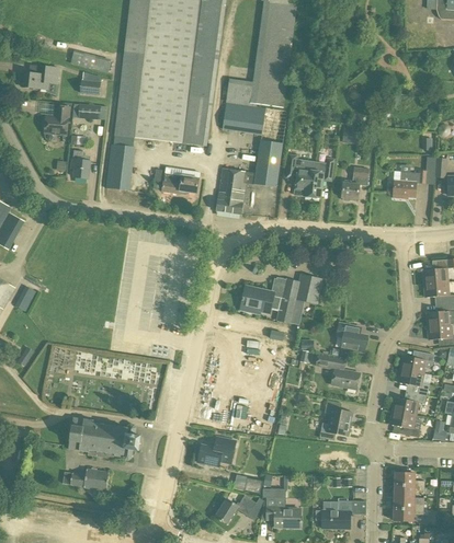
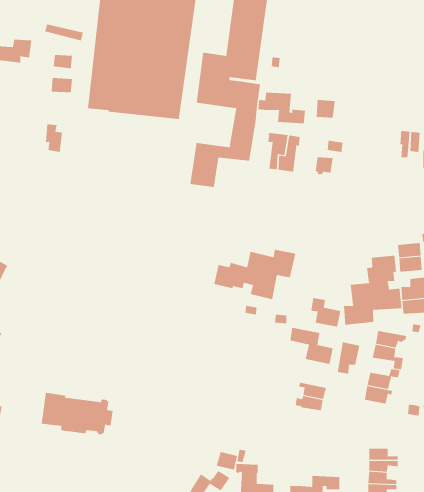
building: [45,105,70,135] -> none
building: none -> [258,92,306,124]
building: [105,135,135,190] -> none
building: [162,167,200,194] -> none
building: [387,172,420,198] -> none
building: none -> [344,255,402,325]
building: none -> [337,342,360,374]
building: [198,437,236,466] -> none
building: [70,469,109,490] -> none

